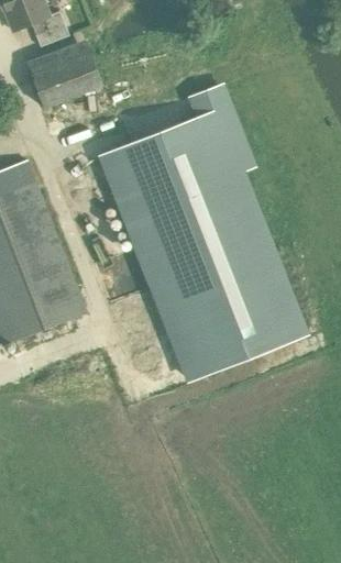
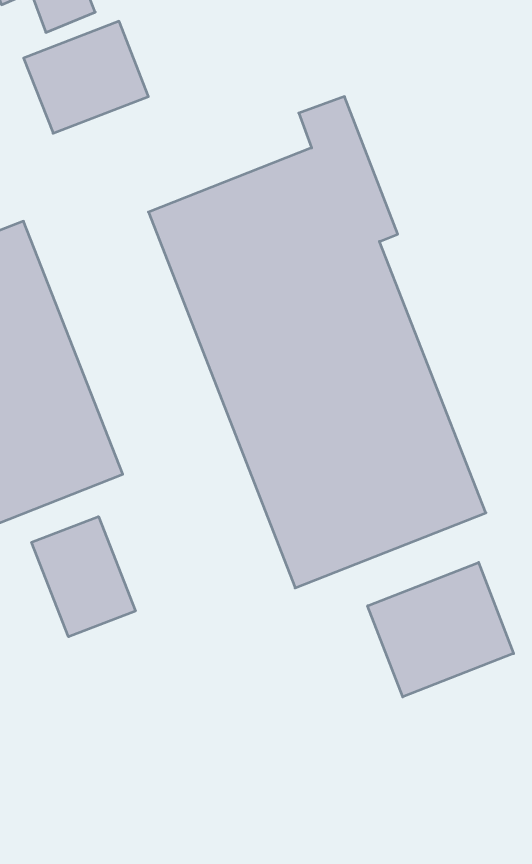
building: none -> [32,517,135,637]
building: none -> [368,562,514,697]

